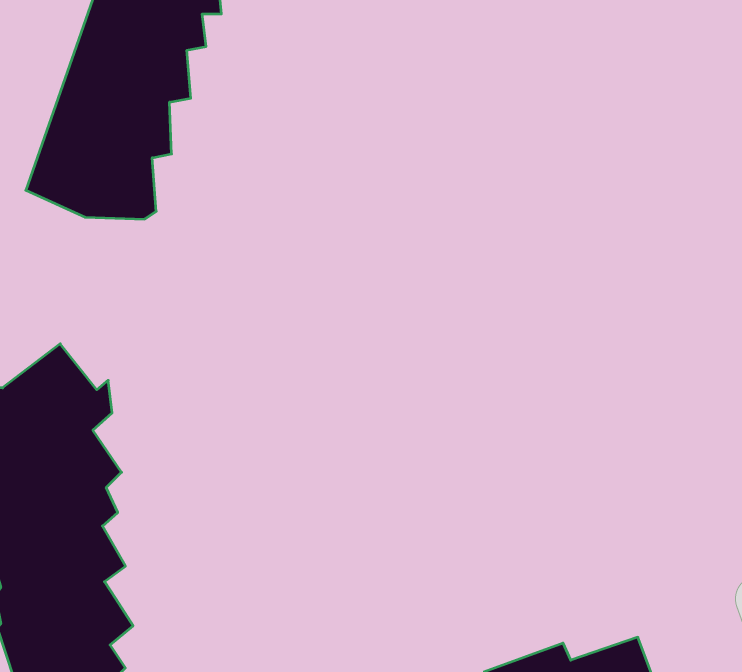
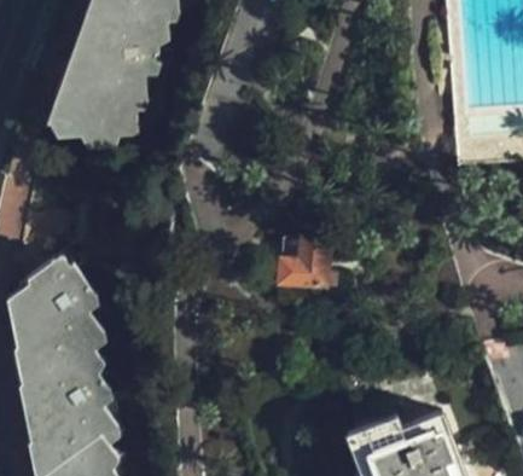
building: none -> [269,237,322,290]

